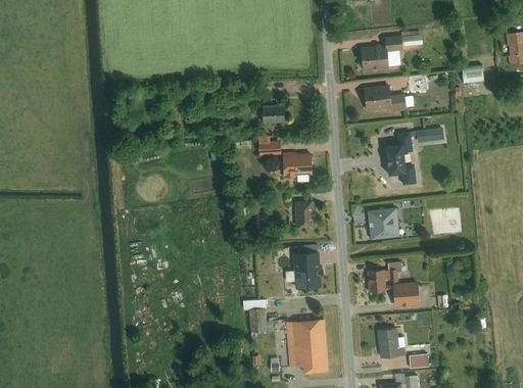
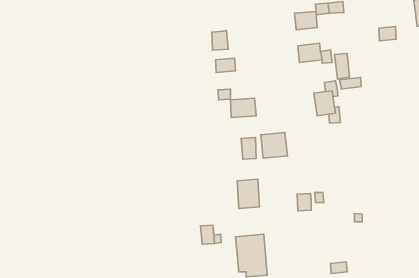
building: none -> [212,31,228,50]
building: none -> [335,53,349,79]
building: [366,206,398,238] -> [261,132,287,158]
building: [389,282,417,304] -> none
building: [375,328,402,356] -> none

